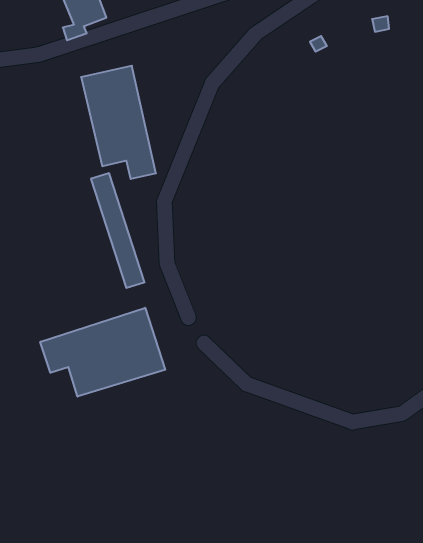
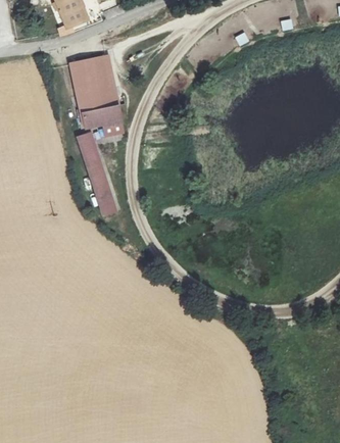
building: [40,308,165,397] -> none

